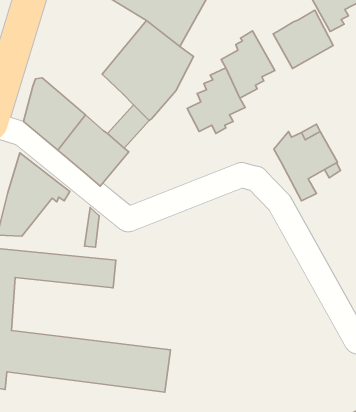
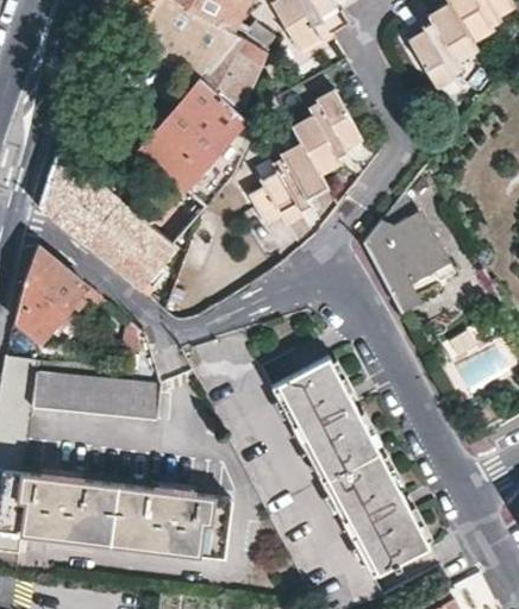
building: [273,10,333,69] -> none
building: none -> [275,357,430,573]

